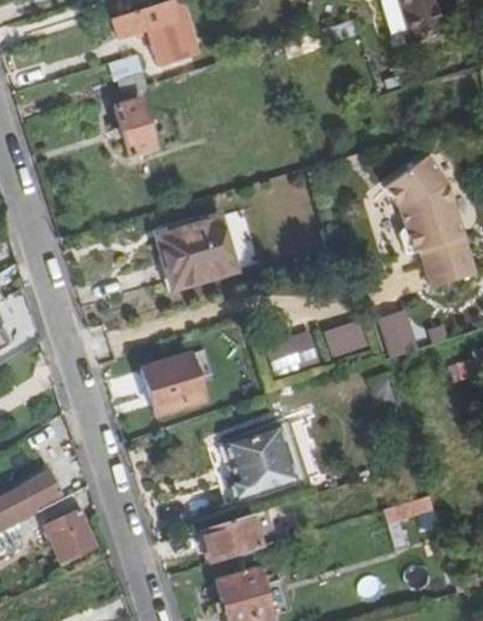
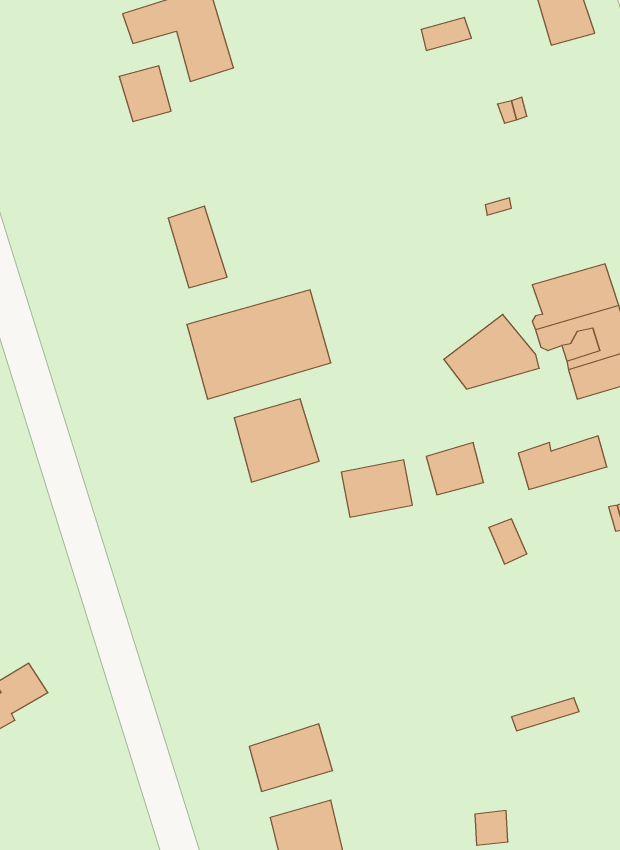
building: [114,97,155,154] -> [168,206,227,288]
building: [382,155,449,207] -> [444,314,539,389]
building: [142,354,201,412] -> [234,399,319,482]
building: [223,417,297,501] -> none
building: [45,508,97,560] -> none

